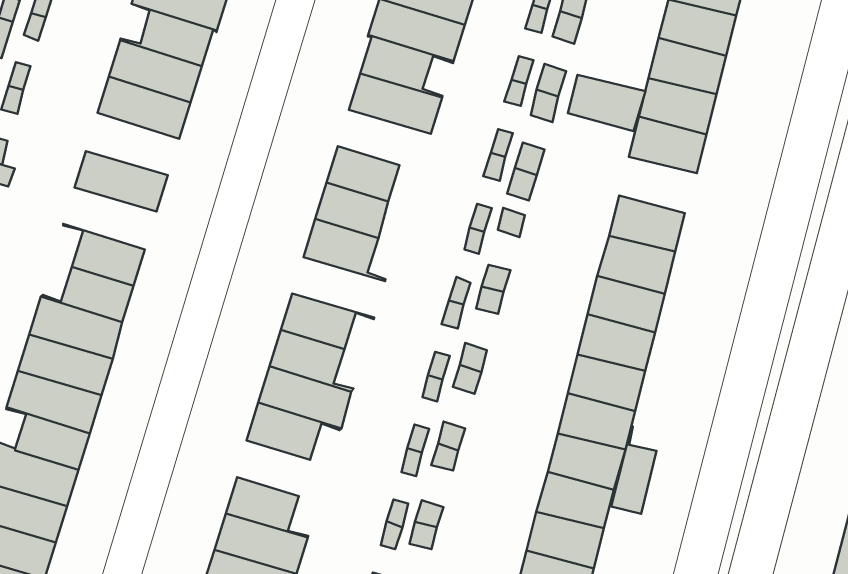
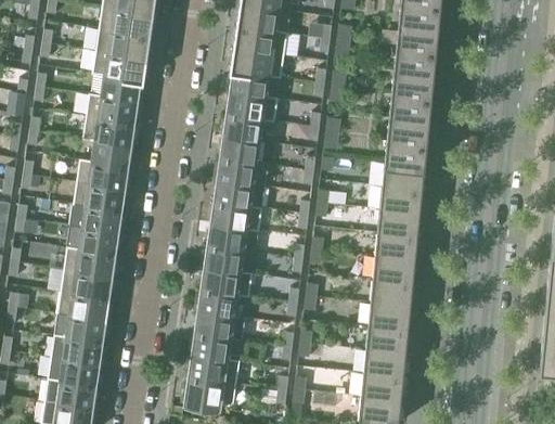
building: [568,75,645,131] -> [387,116,429,143]
building: none -> [222,114,274,141]
building: none -> [79,138,131,167]
building: none -> [73,182,125,211]
building: none -> [209,202,261,230]
building: [611,426,657,514] -> none
building: none -> [194,311,246,339]

